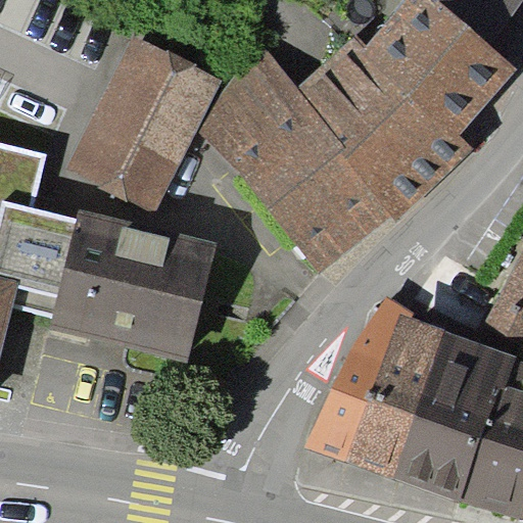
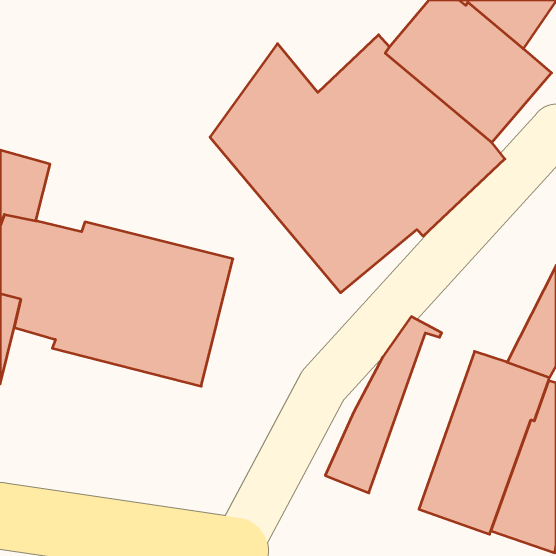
building: [66,35,223,212] -> none
building: [346,313,445,478] -> none

